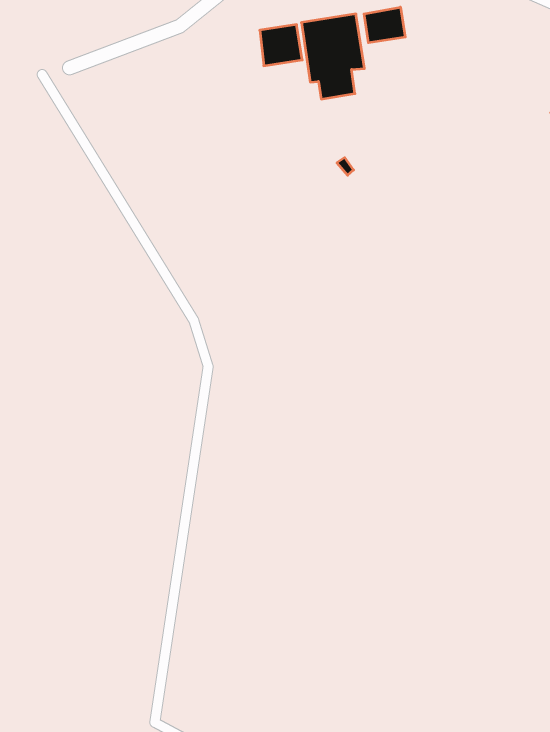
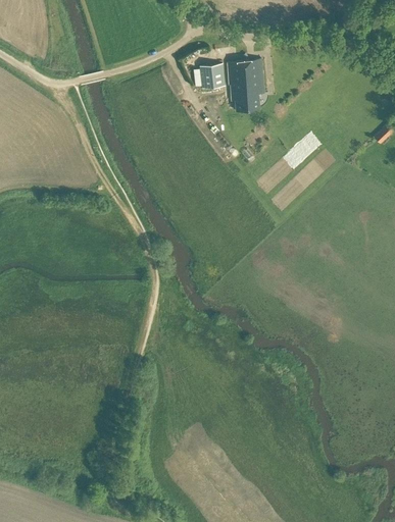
building: [364,7,405,43] -> none

